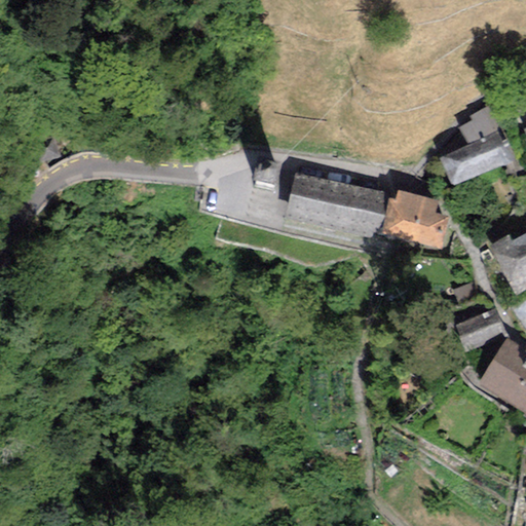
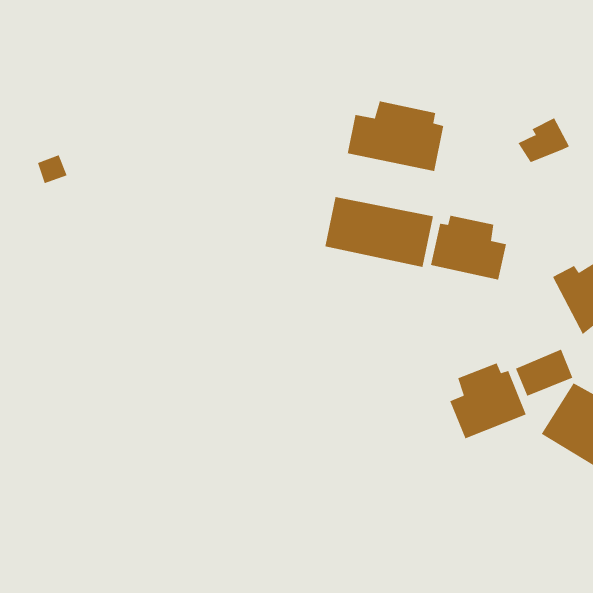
building: none -> [347,101,444,172]
building: [440,133,511,186] -> none
building: none -> [450,362,527,439]

